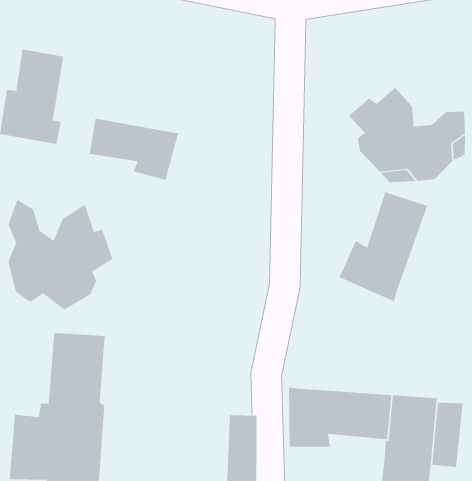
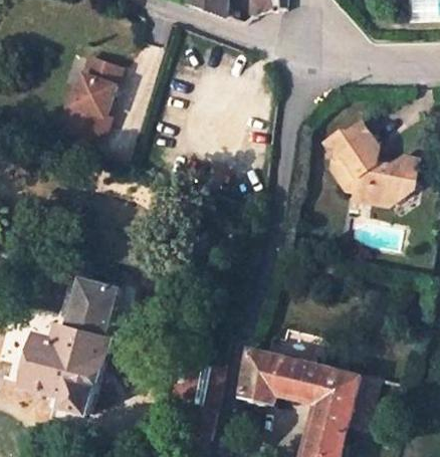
building: [89,118,179,180] -> none
building: [339,191,428,302] -> none
building: [8,199,113,311] -> none

